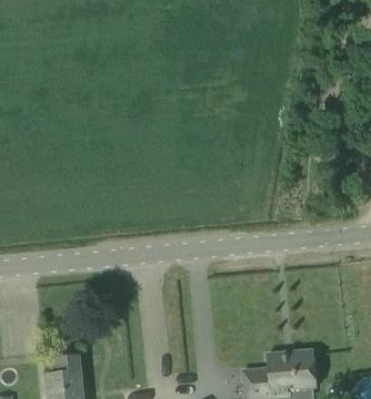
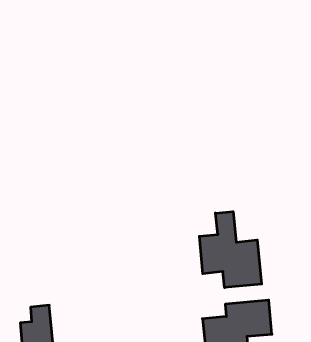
building: none -> [199,212,262,288]

